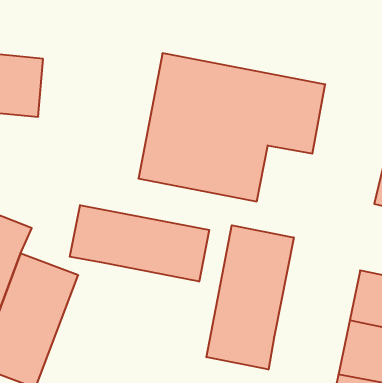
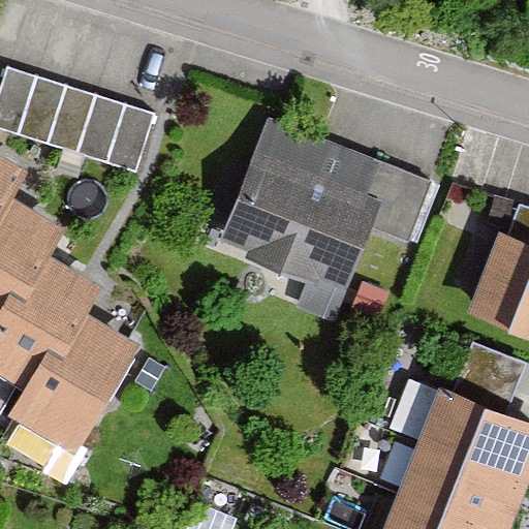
building: [70,205,209,282] -> none
building: [206,225,294,370] -> none

